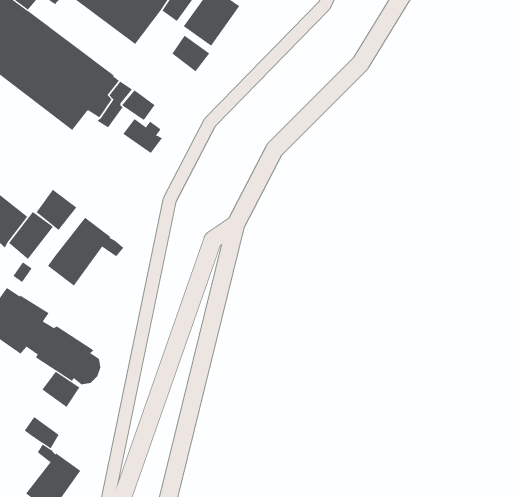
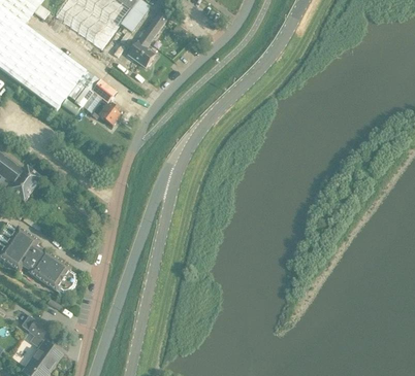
building: [36,189,77,231] -> none
building: [47,217,124,286] -> none
building: [42,371,80,408] -> none

